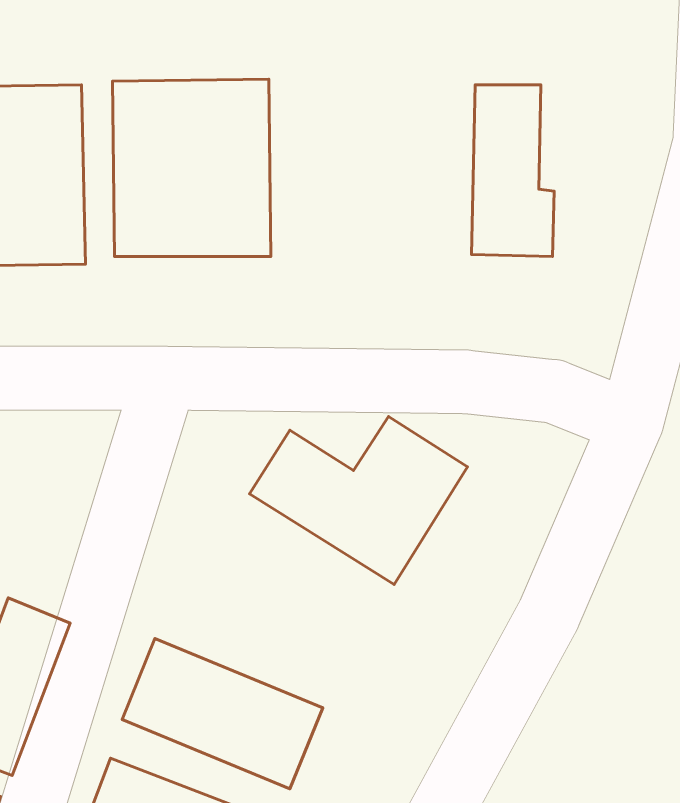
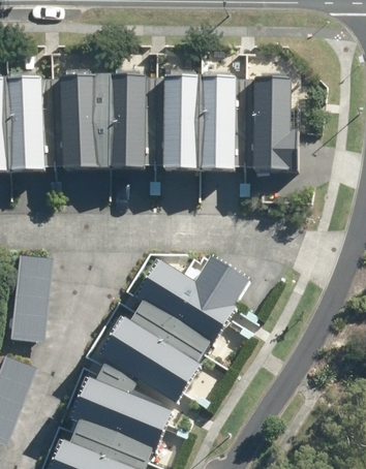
building: none -> [161,74,239,170]
building: none -> [8,255,53,342]
building: none -> [96,313,204,404]

